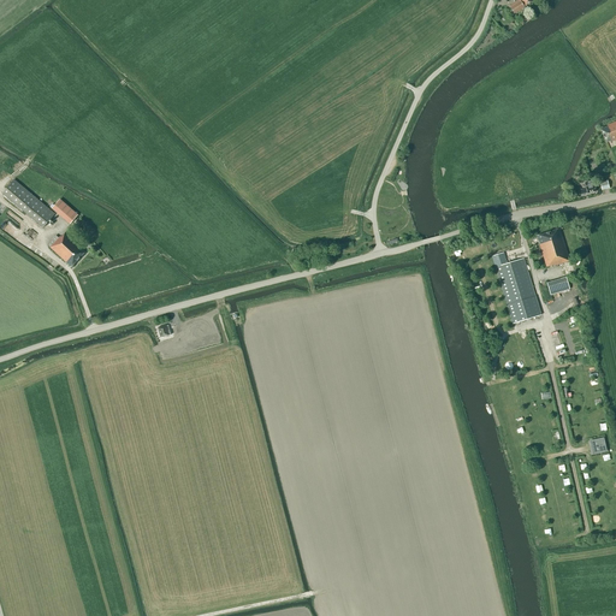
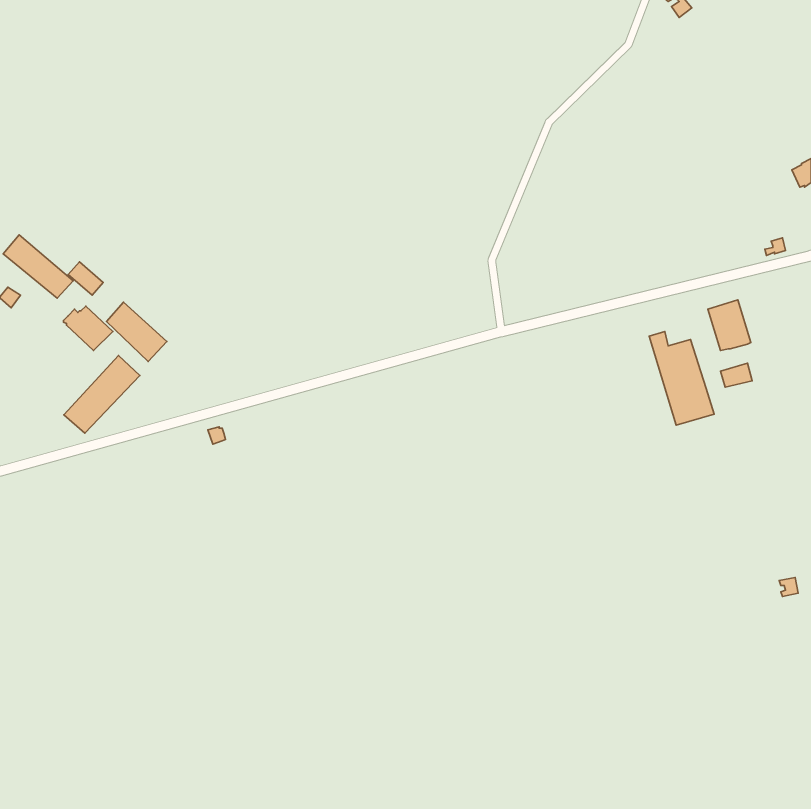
building: none -> [106,302,167,361]
building: none -> [64,356,140,433]

